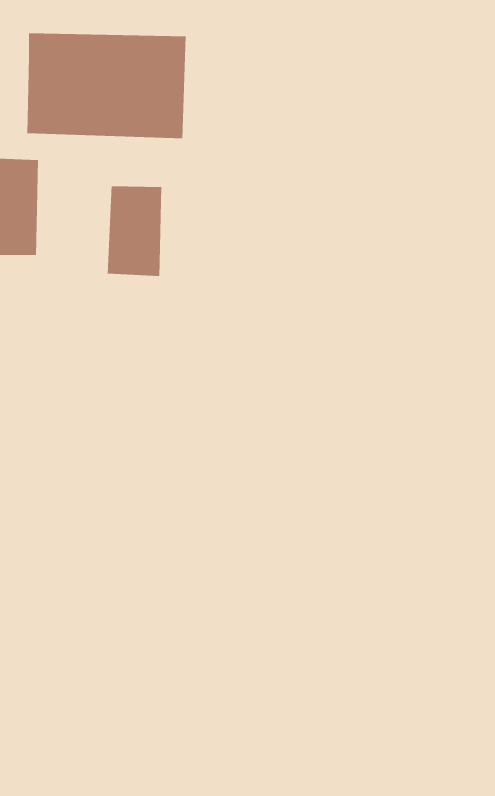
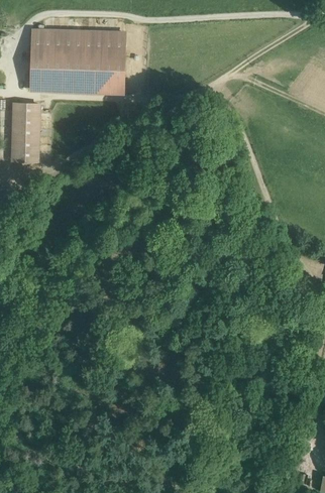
building: [107,186,162,277] -> none

